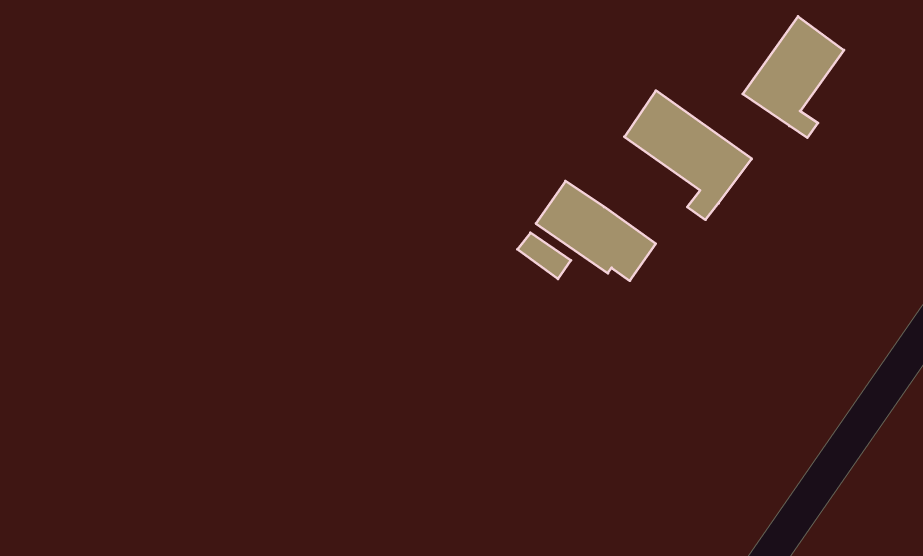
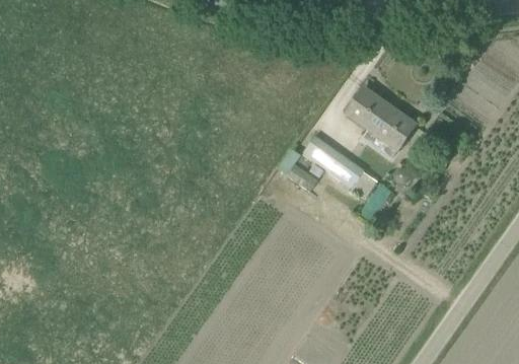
building: [743,16,844,138] -> none

